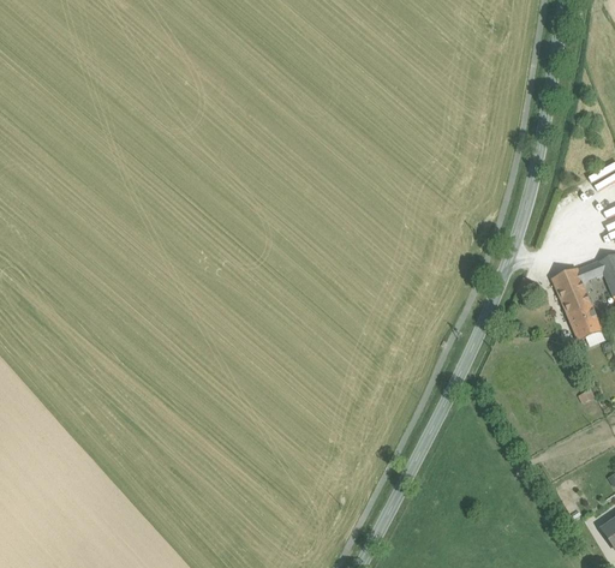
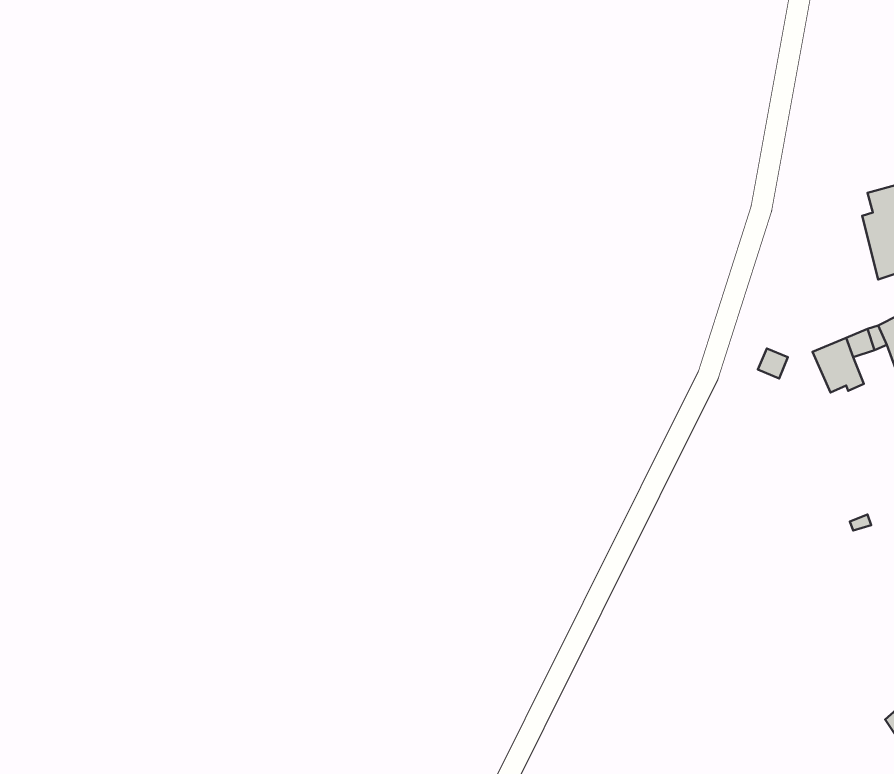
building: [566,300,602,339] -> none

